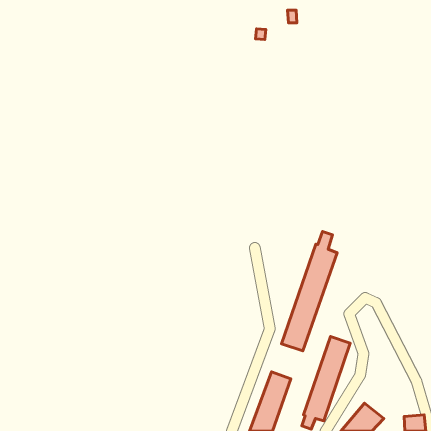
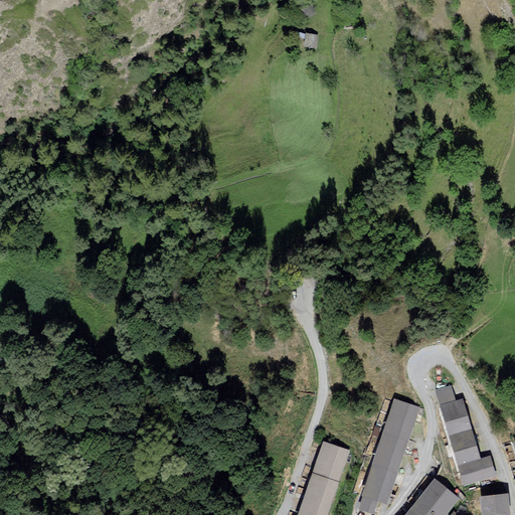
building: [282,232,337,351] -> none
building: none -> [436,386,494,484]

